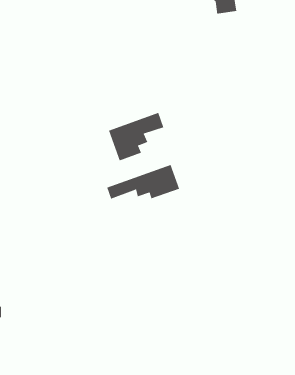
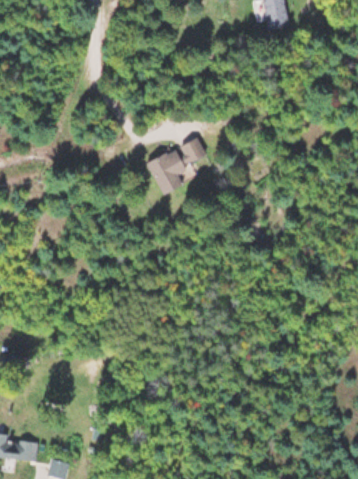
building: [106,164,180,200] -> none

